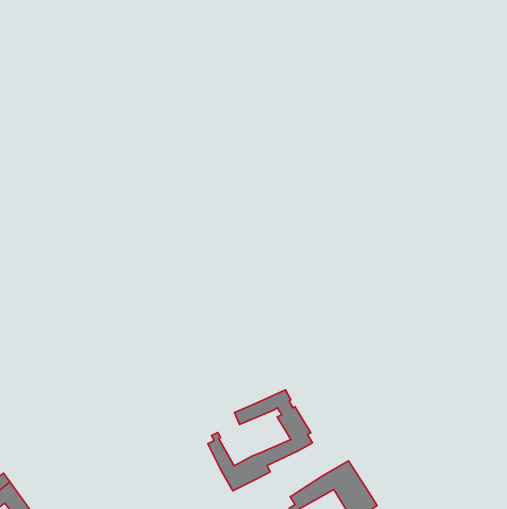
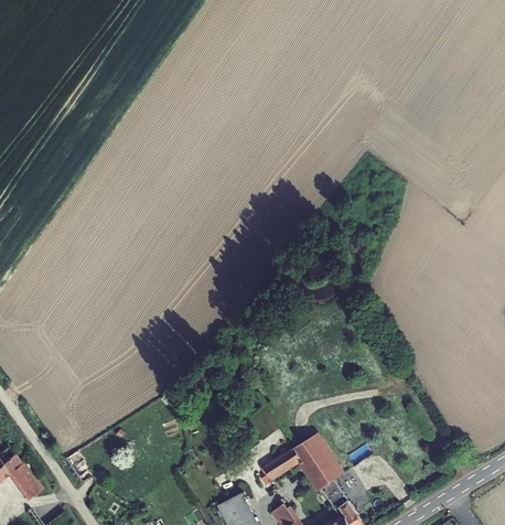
building: [208,390,313,491] -> none

